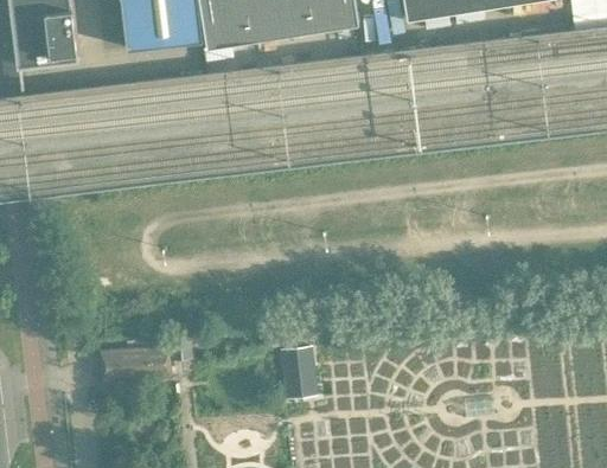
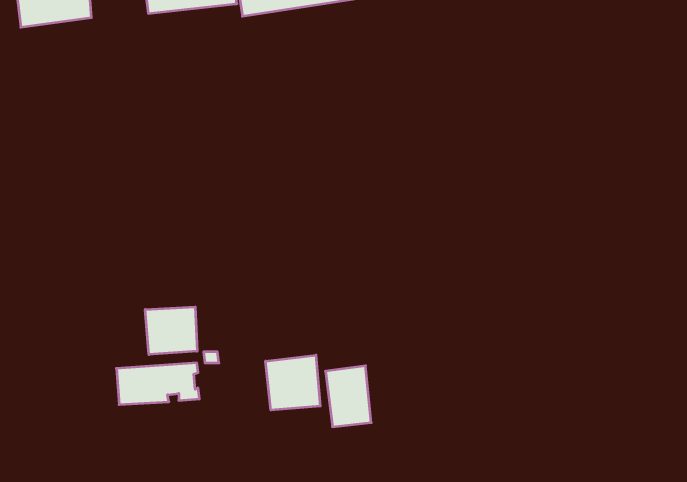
building: none -> [145,307,197,355]
building: none -> [266,355,320,410]

